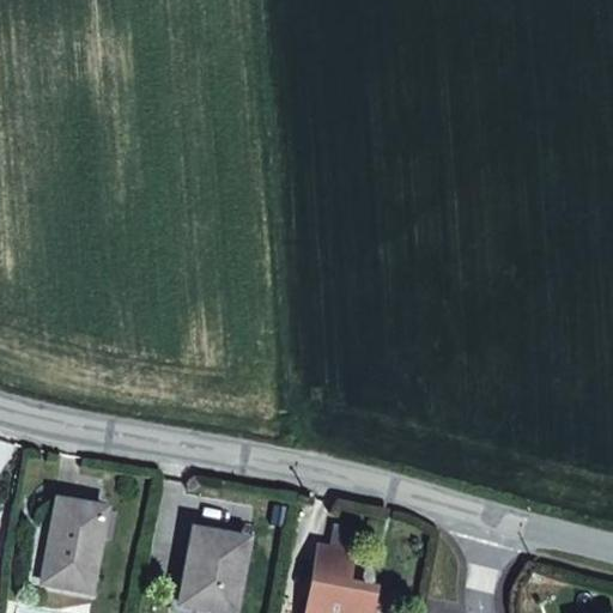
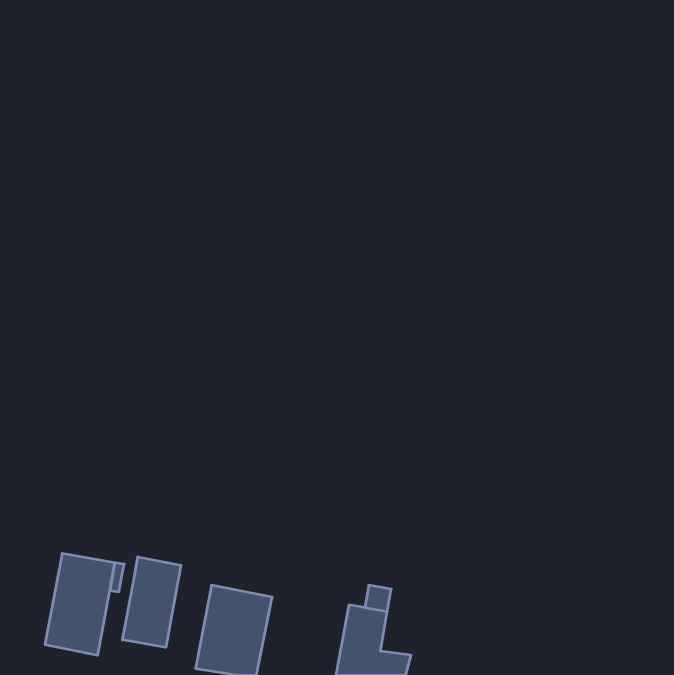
building: none -> [122,557,181,647]

